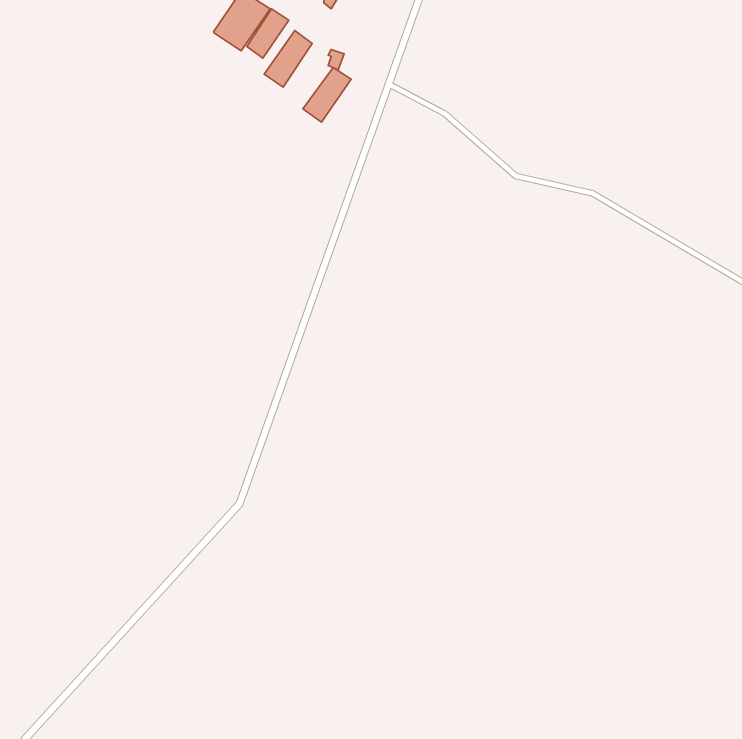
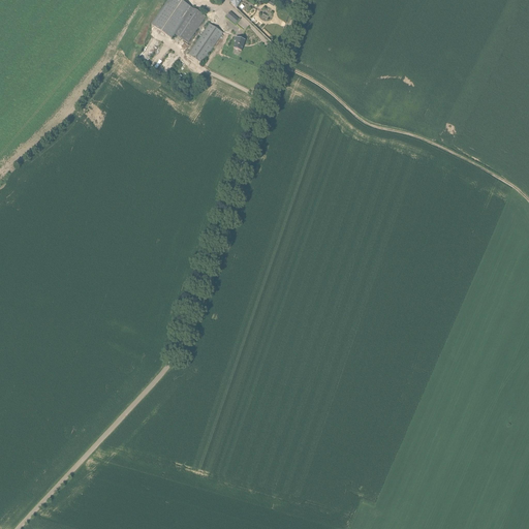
building: [303,68,351,122] -> none

